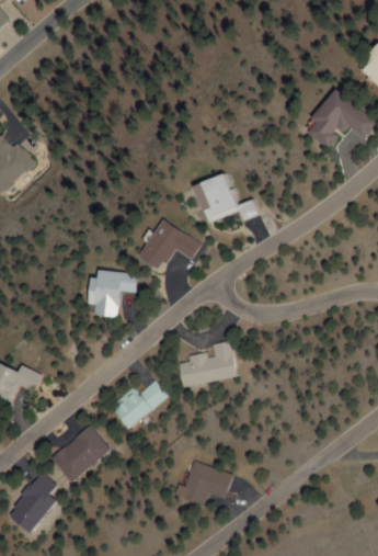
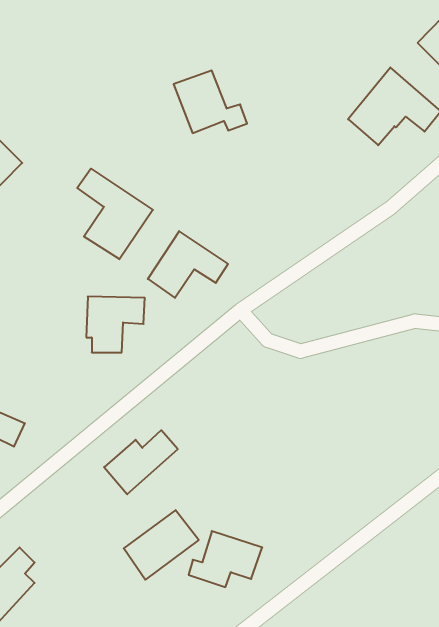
building: none -> [77,169,153,259]
building: [198,172,257,223] -> [174,70,247,133]
building: [176,341,234,386] -> none
building: [45,427,105,483] -> [124,510,199,580]

